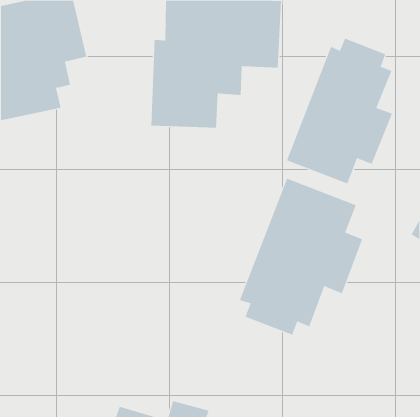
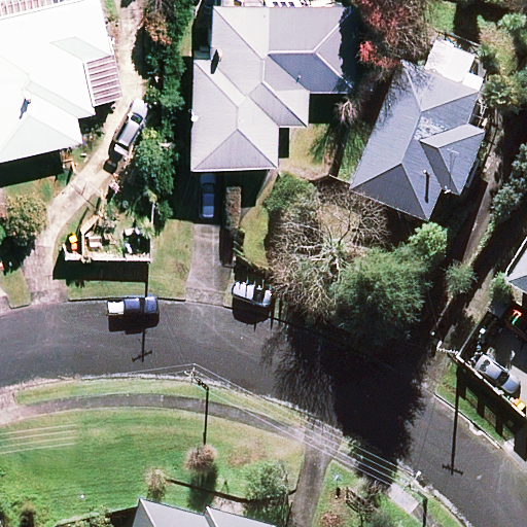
building: [239,178,363,336] -> none

